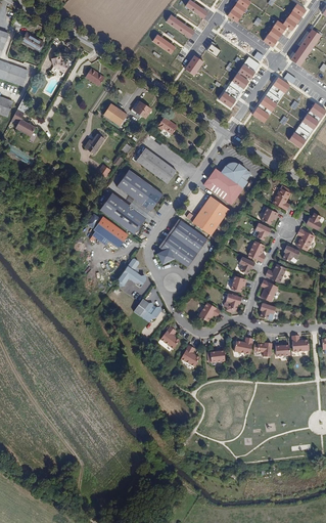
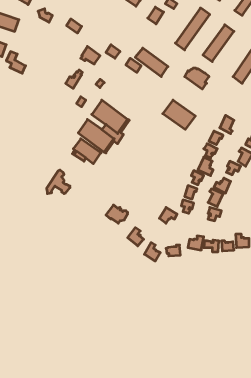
building: [136,148,176,183] -> [135,48,168,77]
building: [221,162,250,187] -> [185,68,209,89]
building: [191,194,229,234] -> none
building: [157,219,207,266] -> none
building: [119,257,147,286] -> [47,170,70,194]

